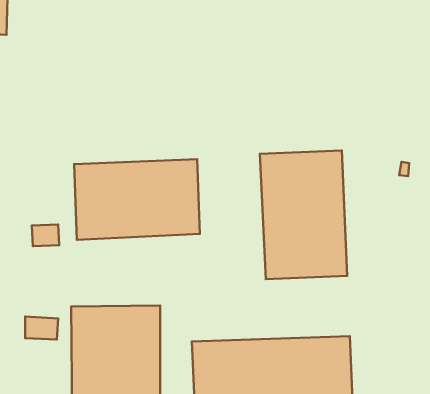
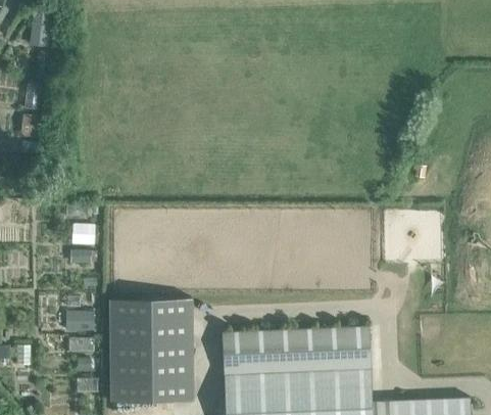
building: [260,151,347,279] -> none
building: [74,159,200,240] -> none

